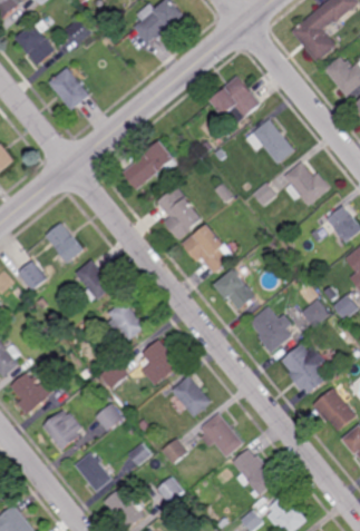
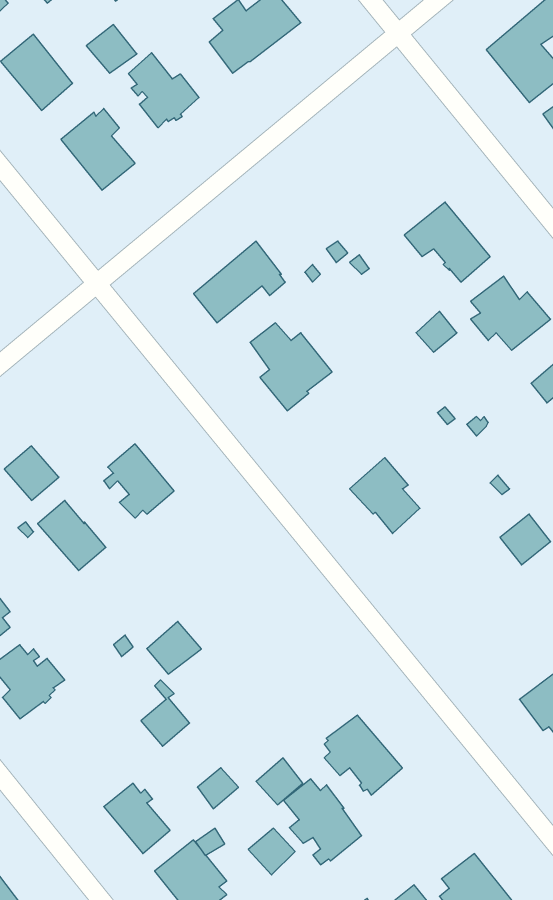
building: none -> [129,53,199,128]
building: [211,78,262,126] -> none
building: [45,222,84,262] -> [38,500,106,571]
building: [182,222,235,272] -> none
building: [107,299,147,340] -> none
building: [247,305,292,353] -> none
building: [140,338,181,386] -> none
building: [280,343,324,393] -> none
building: [168,375,211,416] -> none
building: [42,410,80,450] -> none
building: [232,450,276,499] -> [284,779,362,865]

